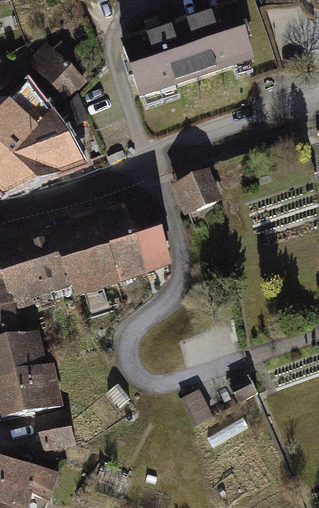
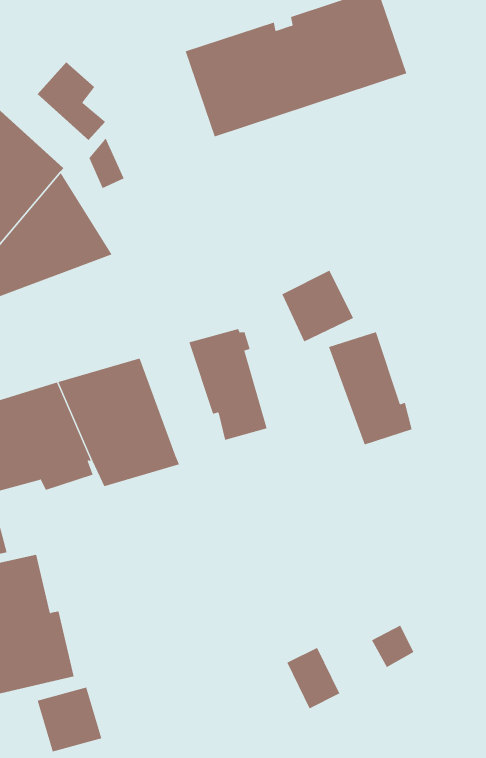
building: [97,214,146,280] -> [328,331,413,445]

